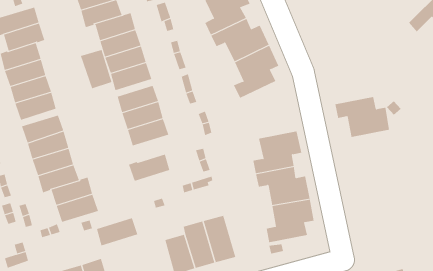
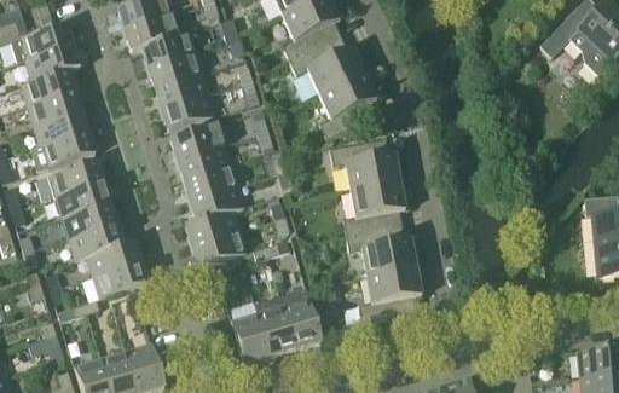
building: [80,49,112,89] -> none
building: [335,97,390,138] -> [329,139,399,191]
building: none -> [190,186,243,221]
building: [96,217,138,246] -> [192,231,245,267]

